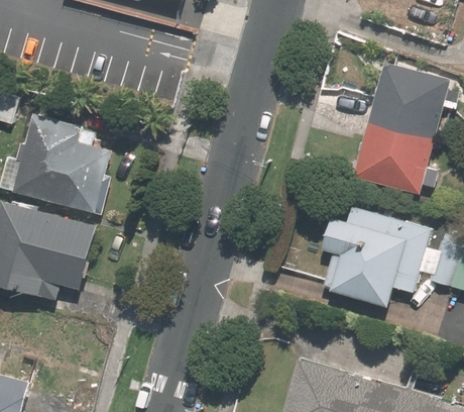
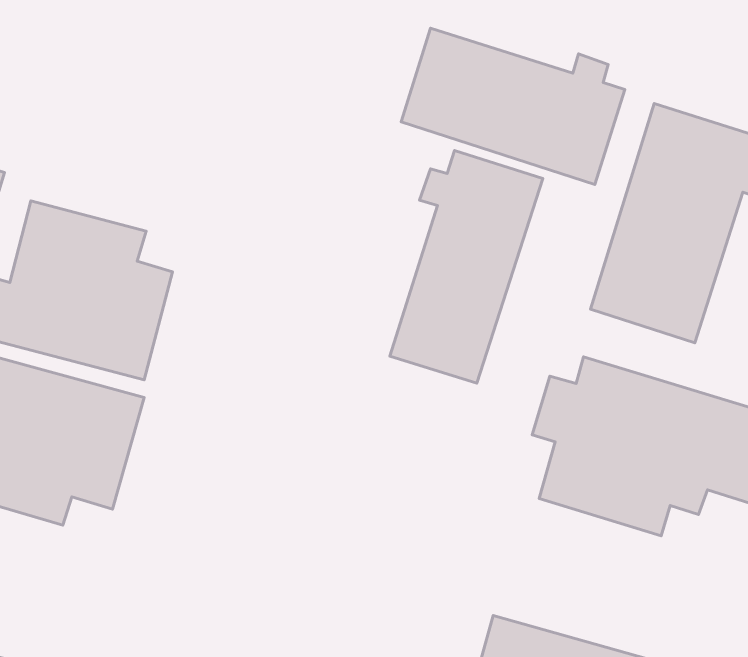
building: none -> [401,28,625,184]
building: none -> [390,150,543,383]

